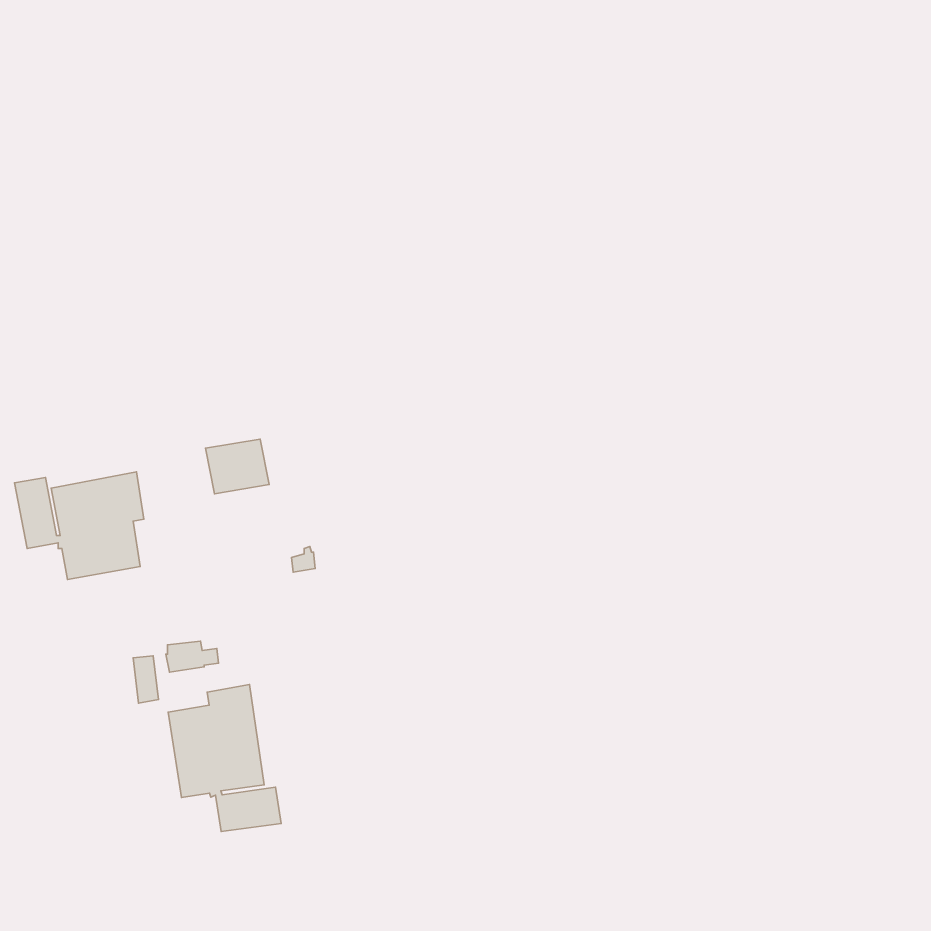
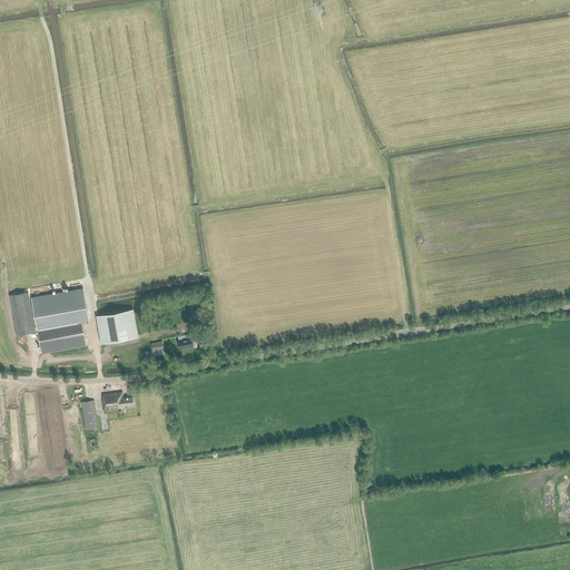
building: [205,439,269,494] -> [98,309,137,343]
building: [168,684,281,831] -> none

